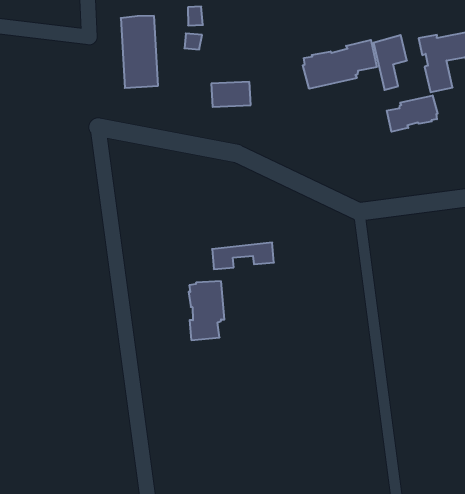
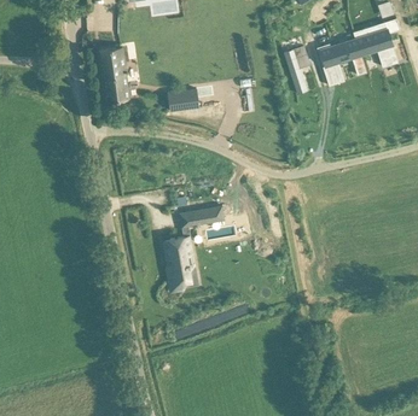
building: [303,40,377,89] -> none
building: [387,95,438,132] -> none

